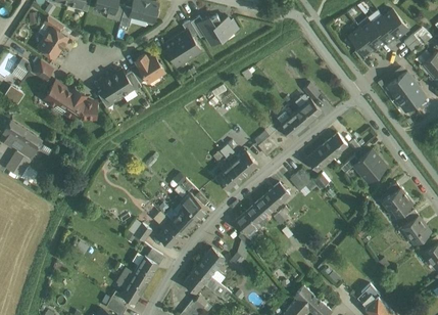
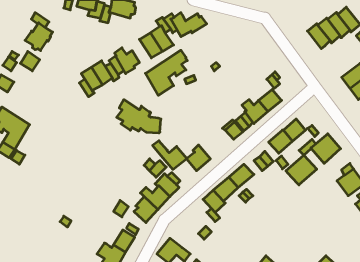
building: none -> [145,50,187,95]
building: [47,81,96,118] -> [117,100,161,133]
building: [220,145,257,177] -> [153,141,187,169]
building: none -> [286,155,317,185]
building: [197,248,225,275] -> none

